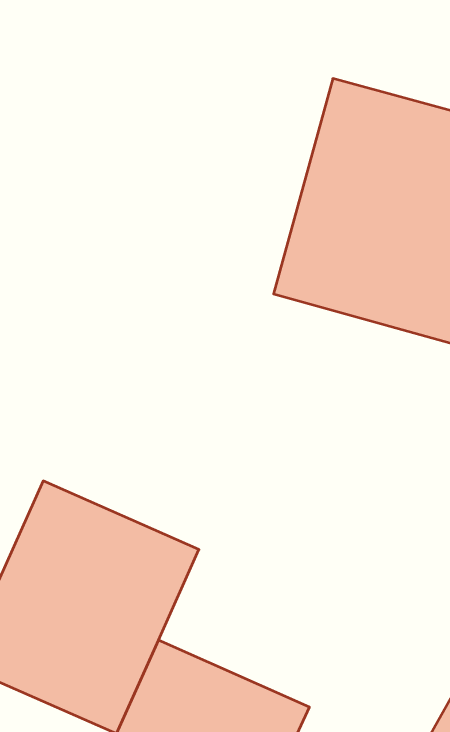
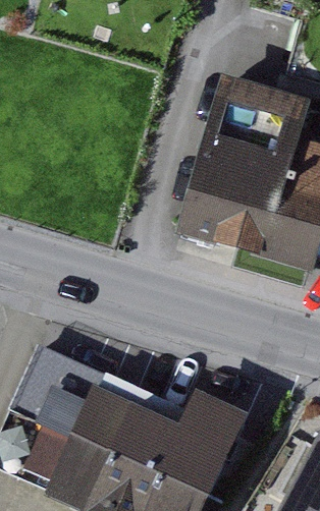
building: none -> [109,389,245,494]

